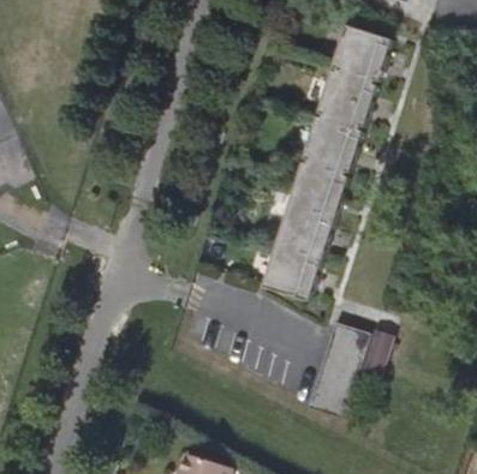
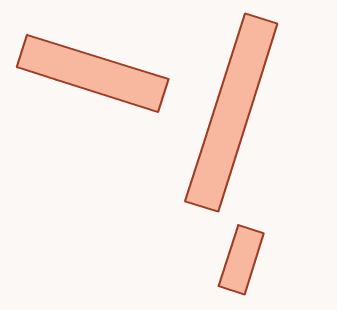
building: none -> [17,35,169,112]

